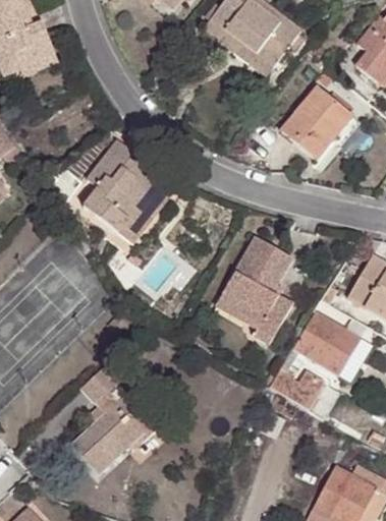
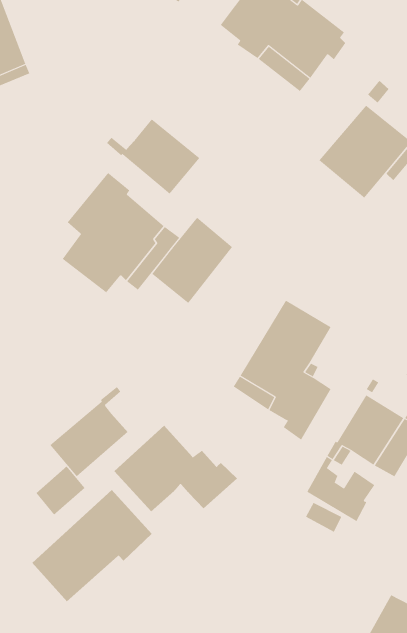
building: none -> [106,118,200,195]
building: none -> [151,217,233,304]
building: none -> [50,386,128,477]
building: none -> [114,425,238,512]

